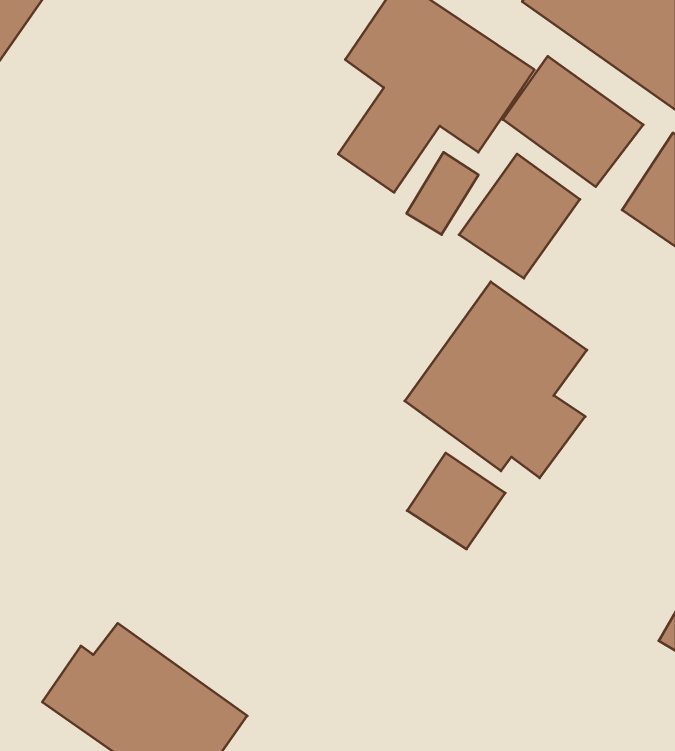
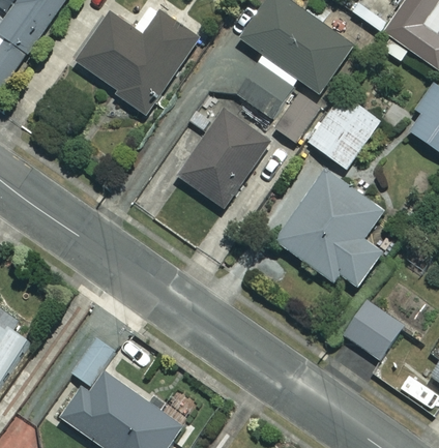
building: none -> [78,11,200,116]
building: [503,56,643,187] -> none
building: none -> [179,110,269,208]
building: [407,453,505,549] -> [344,301,402,358]

